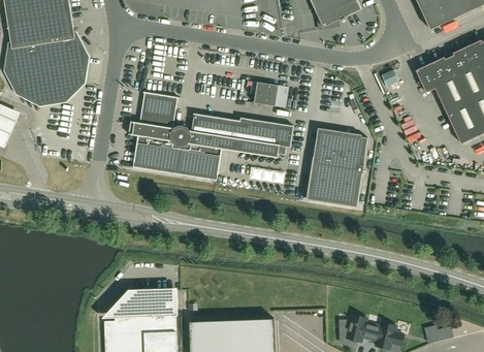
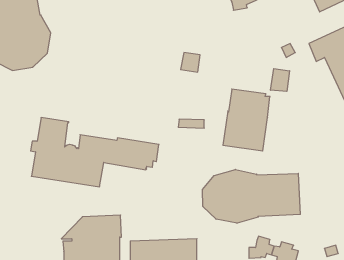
building: [129,92,292,180] -> [31,118,159,187]
building: none -> [271,69,290,91]
building: none -> [202,169,300,223]

